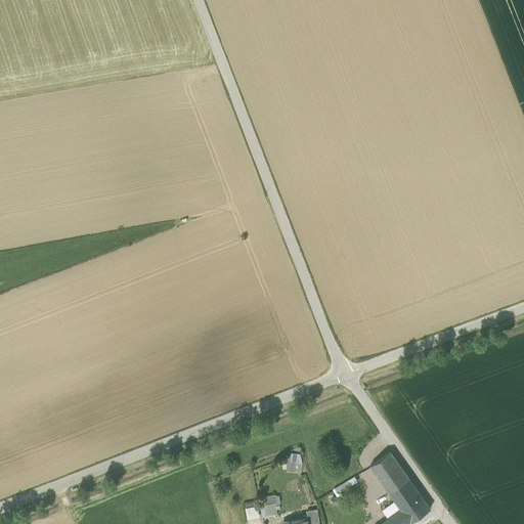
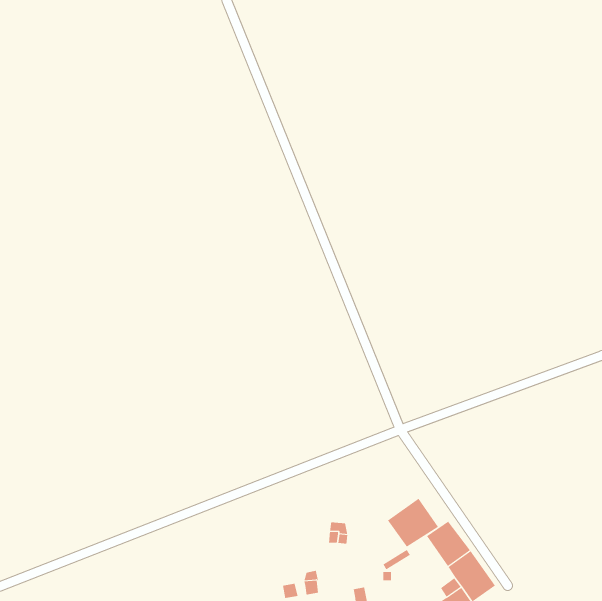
building: none -> [387,498,439,548]

